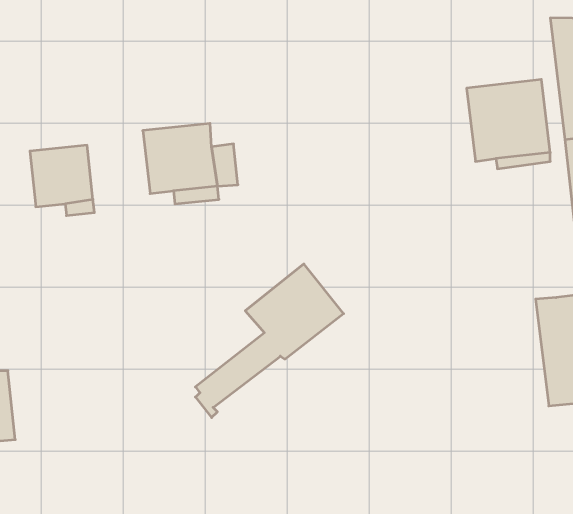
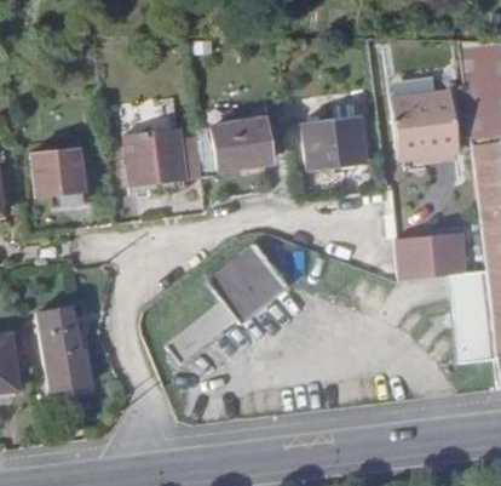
building: none -> [303,115,364,170]
building: none -> [211,119,269,170]
building: none -> [392,230,465,280]
building: none -> [36,308,91,390]

